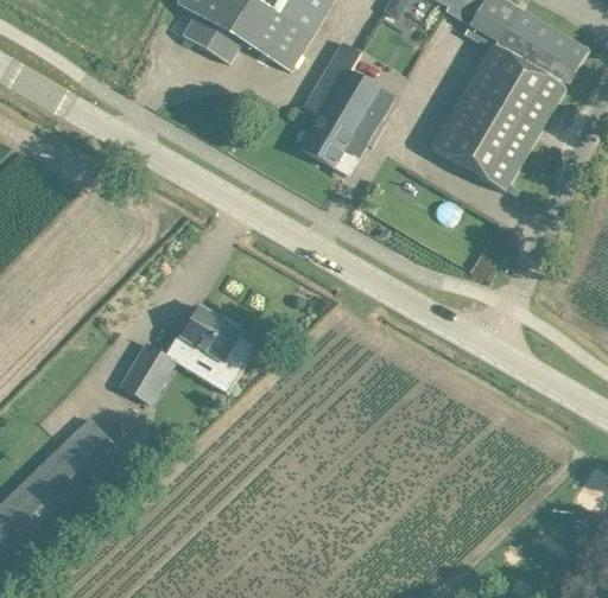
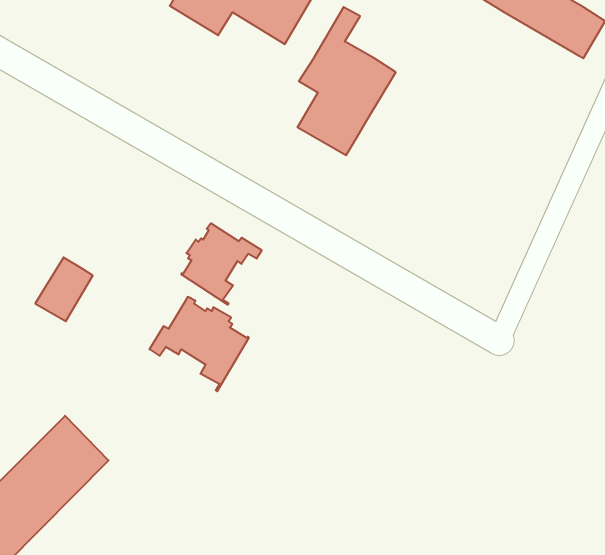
building: [432,40,566,191] -> none
building: none -> [181,223,262,305]
building: [121,343,175,402] -> [35,257,93,321]

